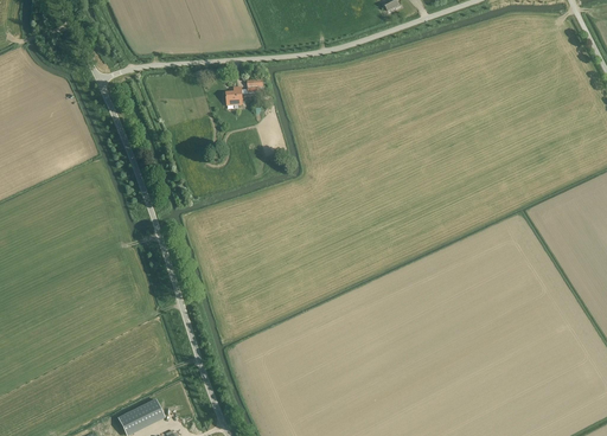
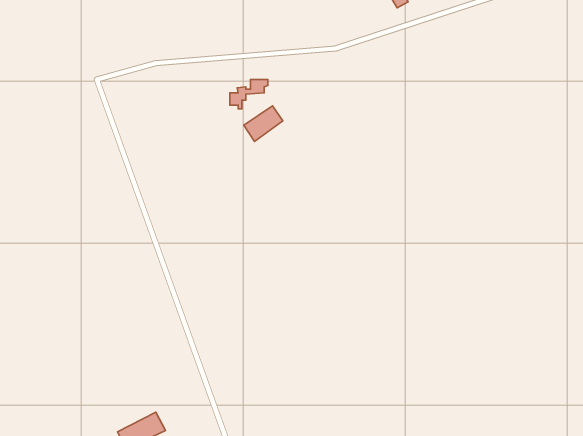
building: none -> [244,106,283,141]

